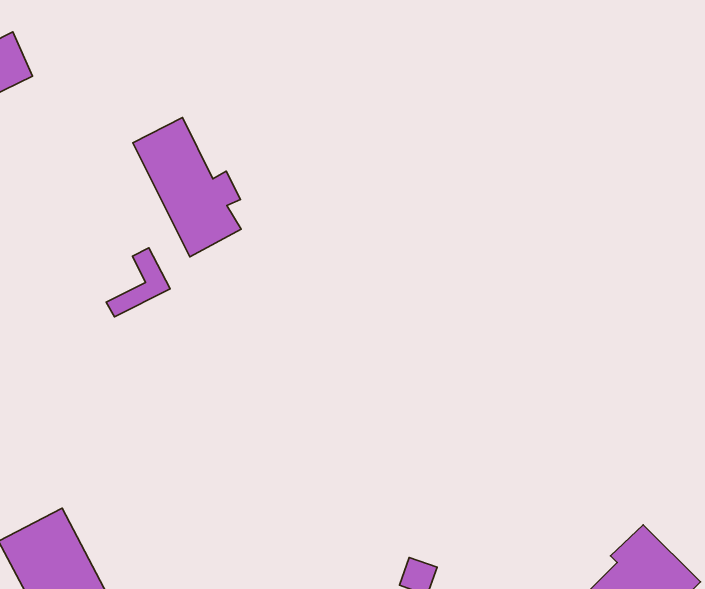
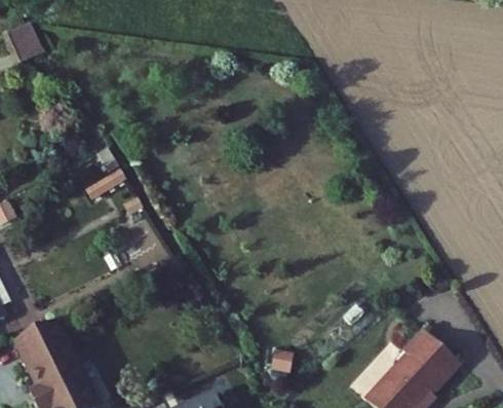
building: [133,117,241,257] -> none

